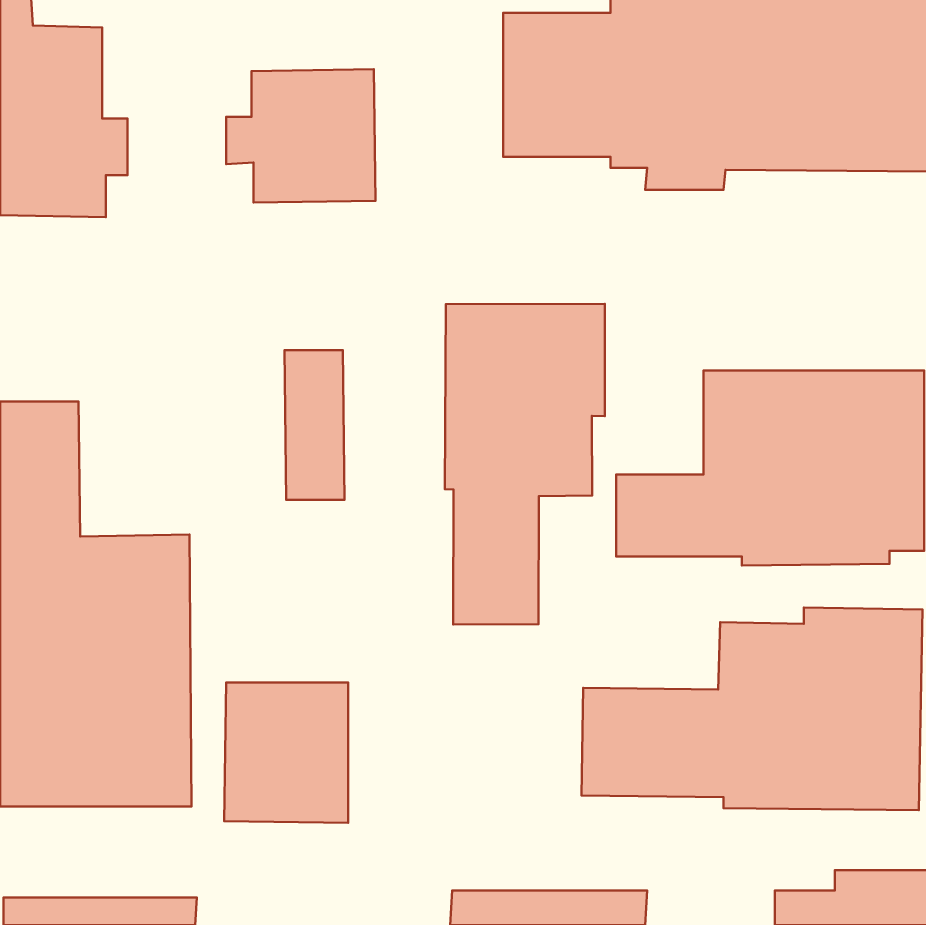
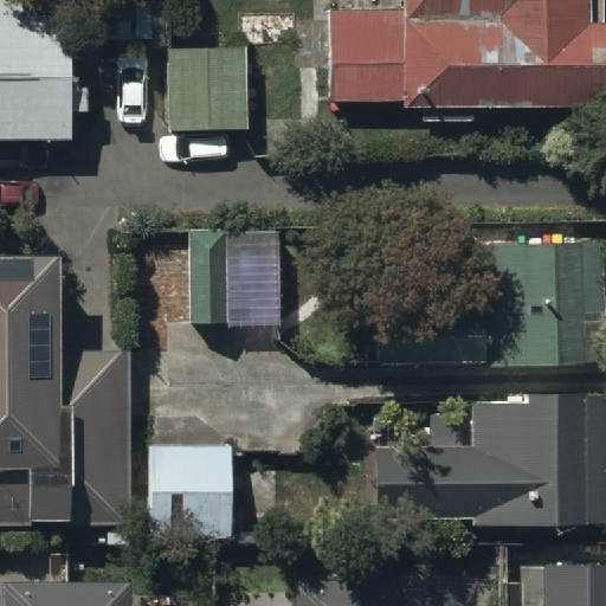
building: [445,304,605,624] -> none

